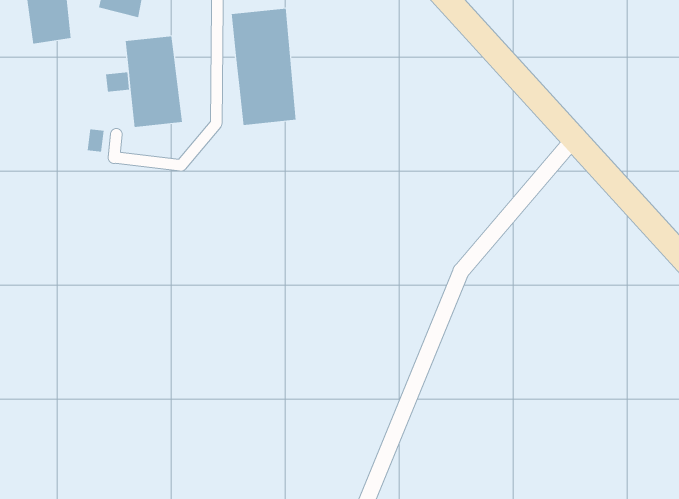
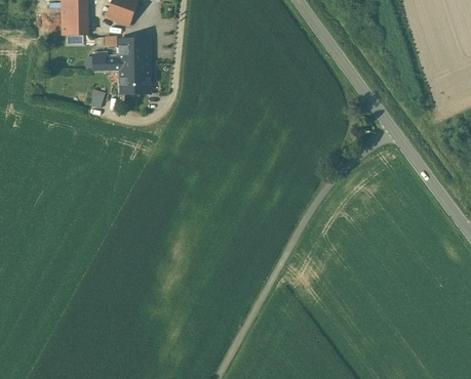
building: [231,8,296,126] -> none

